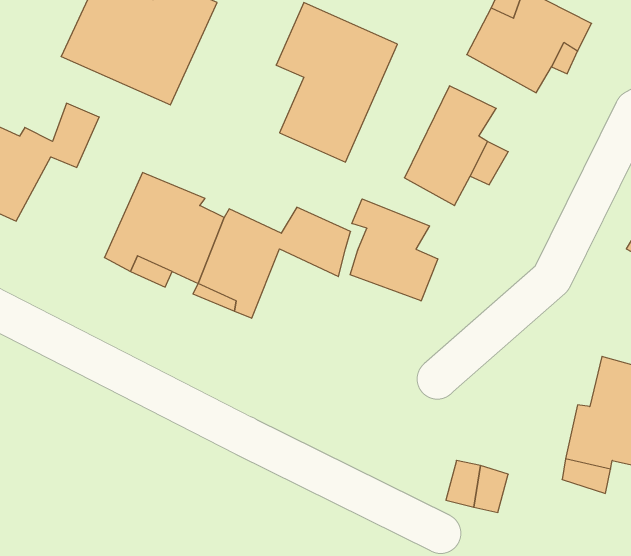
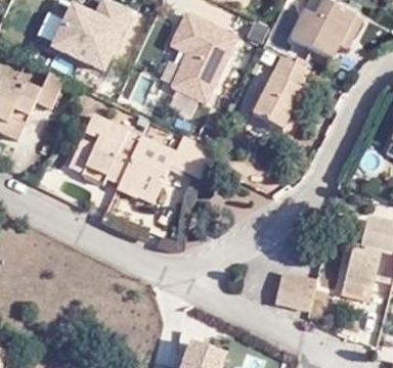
building: [350,199,438,301] -> none

